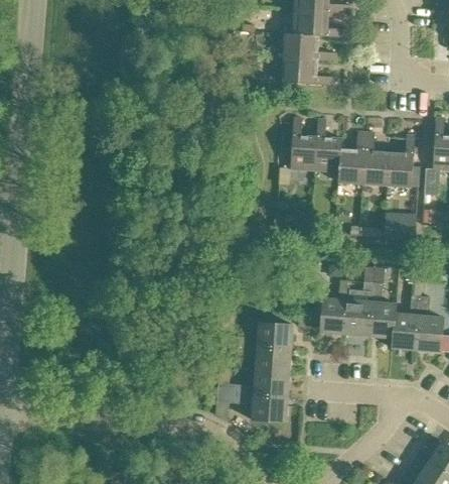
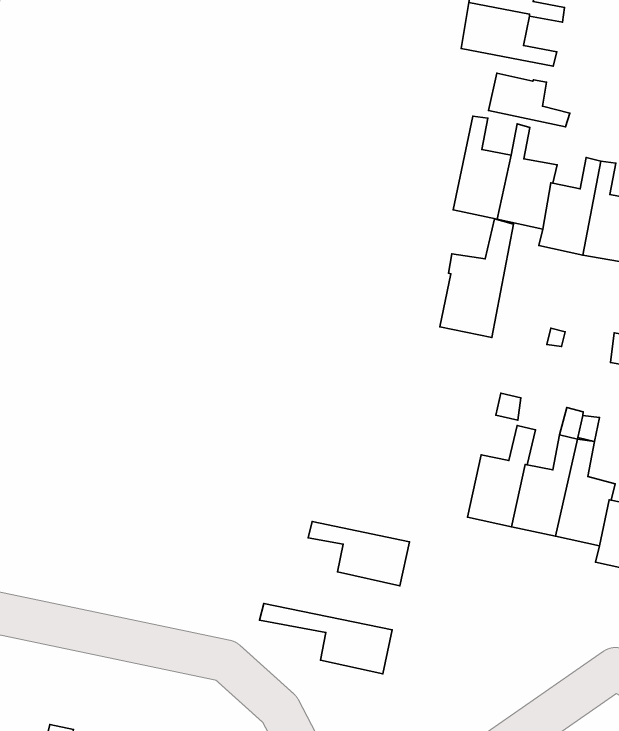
building: none -> [488,73,570,127]
building: none -> [440,219,514,337]
building: [238,322,293,349] -> none
building: [217,370,289,397] -> none

